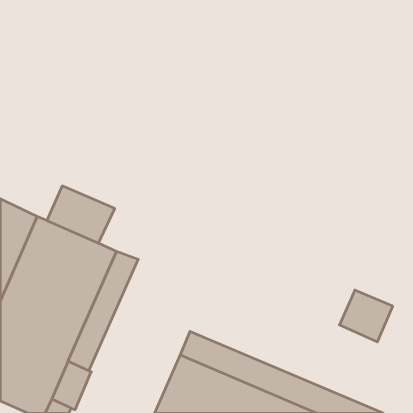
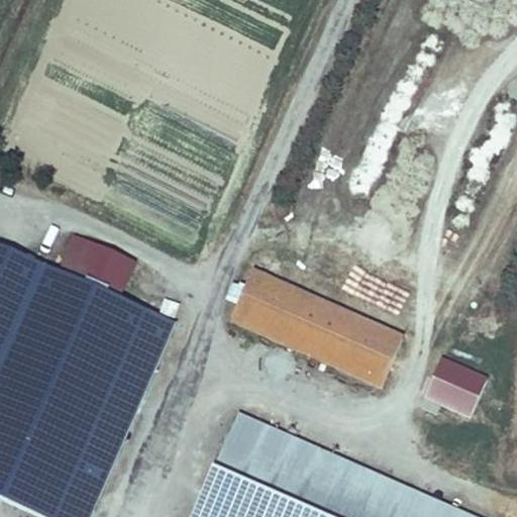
building: none -> [232,274,404,389]

